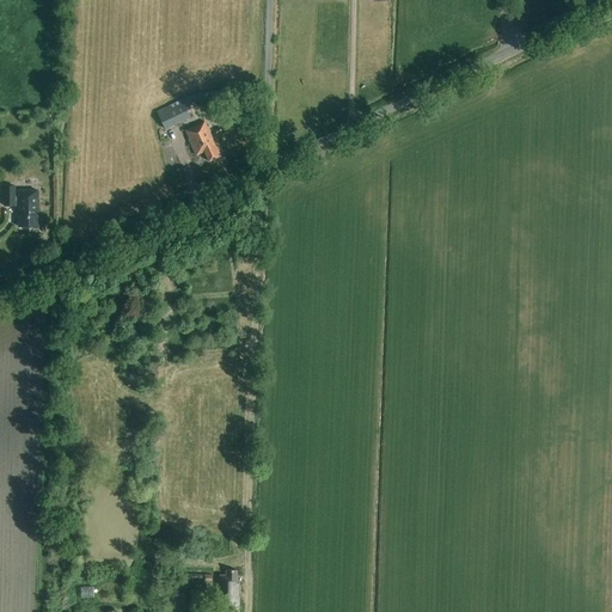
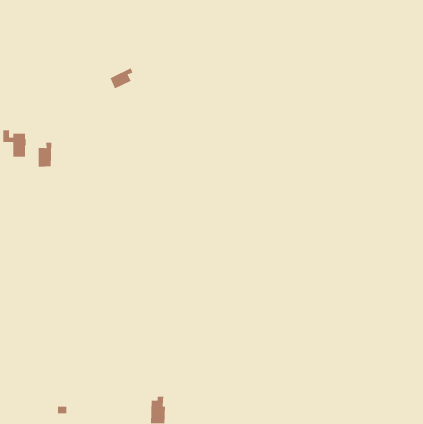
building: [186,122,220,161] -> none
building: none -> [38,142,52,167]

